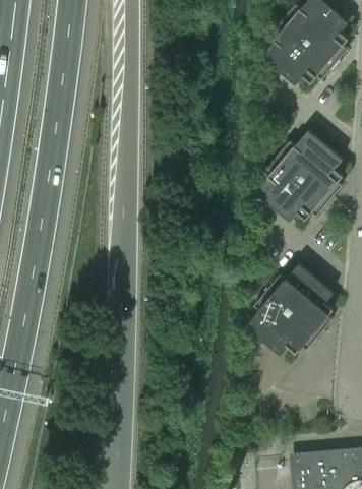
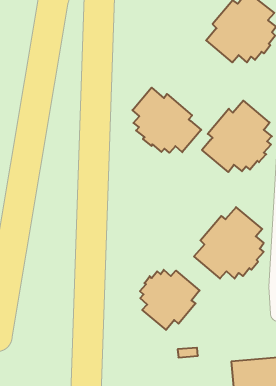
building: none -> [132,88,201,153]
building: none -> [140,270,200,330]

